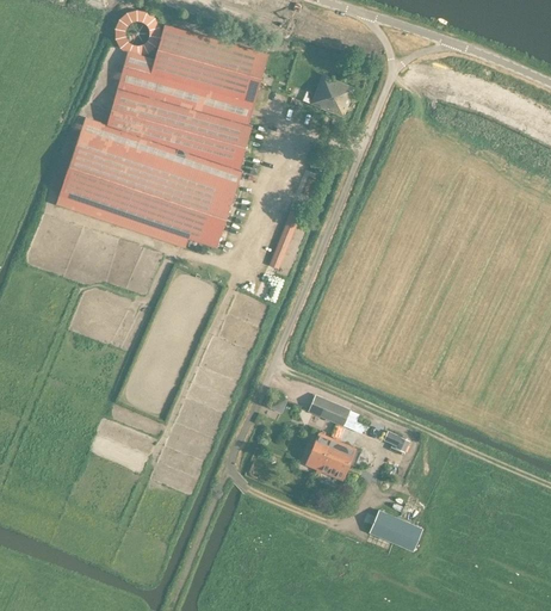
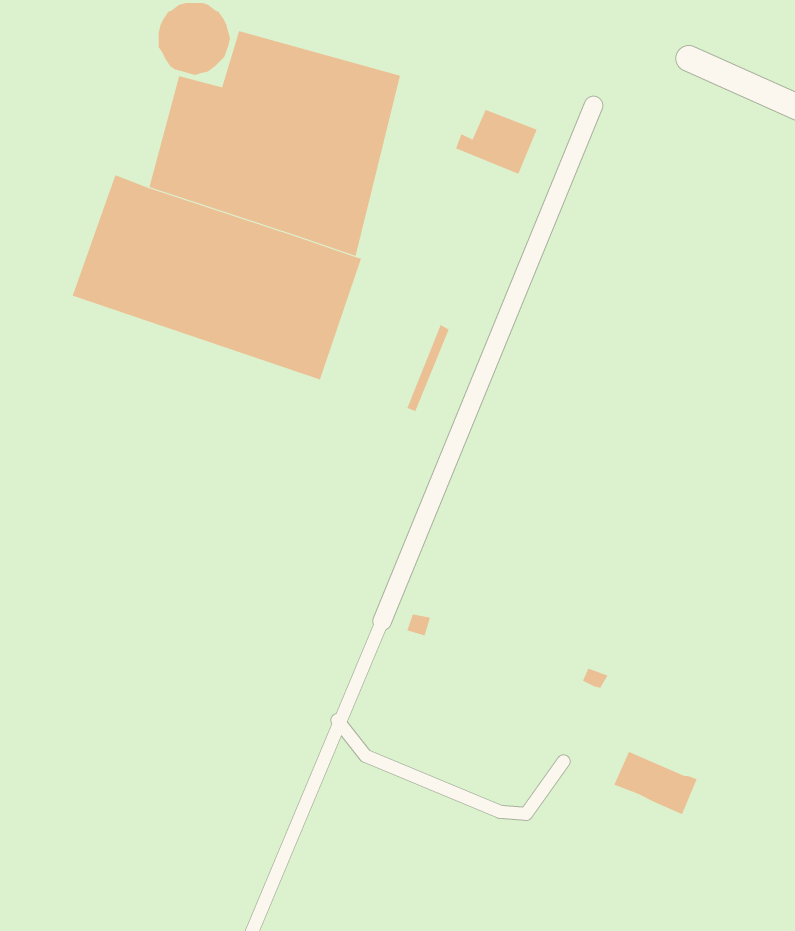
building: [308,396,355,427] -> none
building: [305,433,355,481] -> none
building: [369,512,422,553] -> [613,751,698,815]

